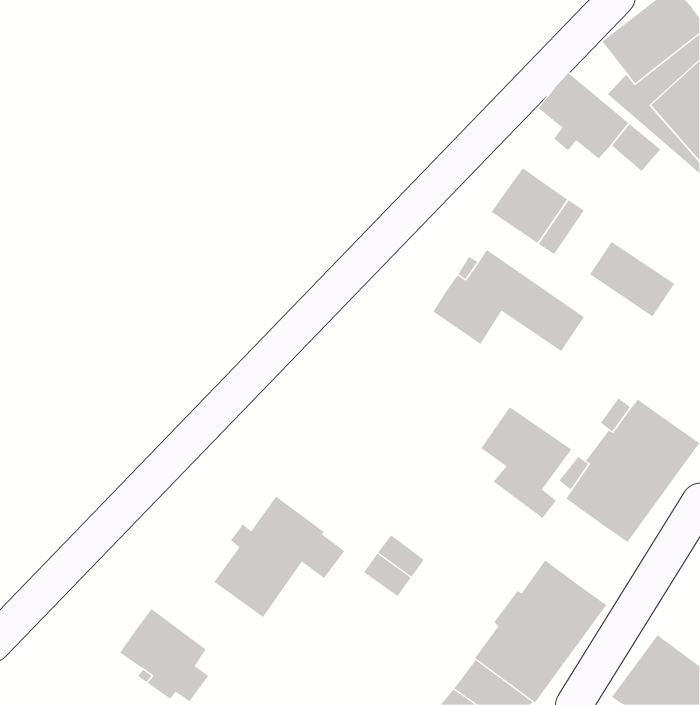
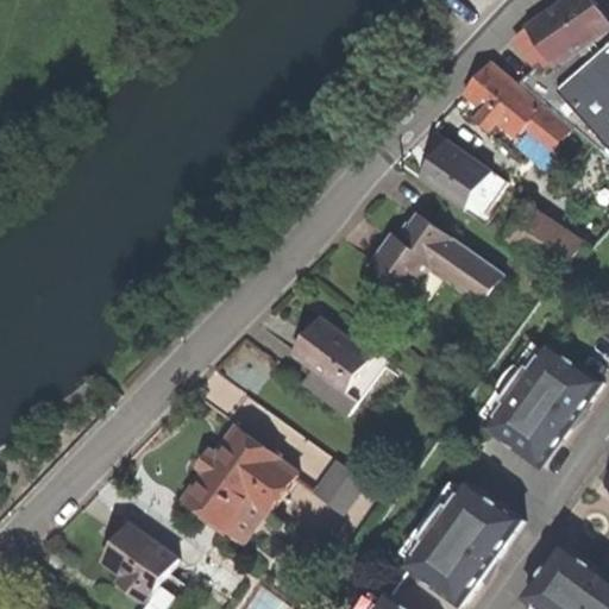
building: [481,407,572,519] -> [293,318,371,414]
building: none -> [226,483,278,541]

